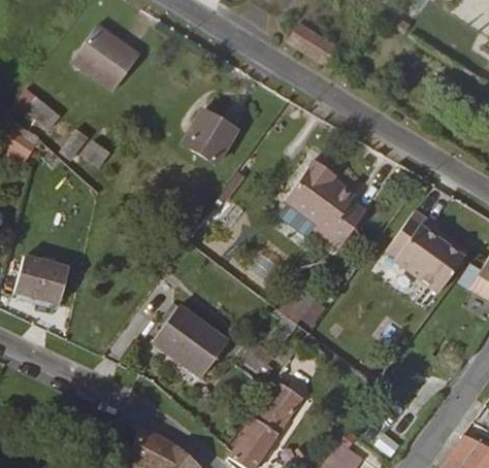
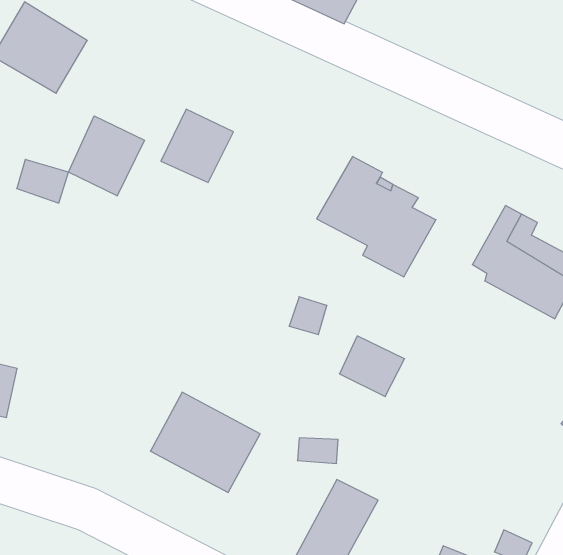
building: none -> [68,116,145,196]

